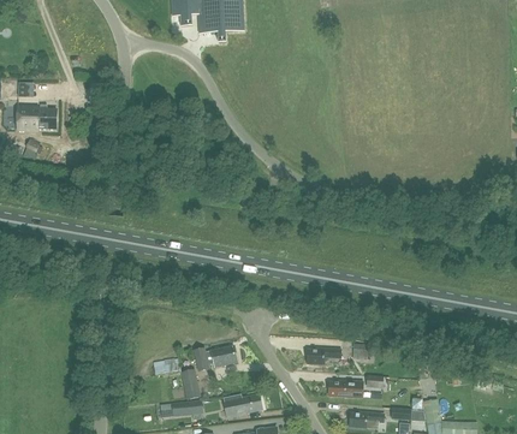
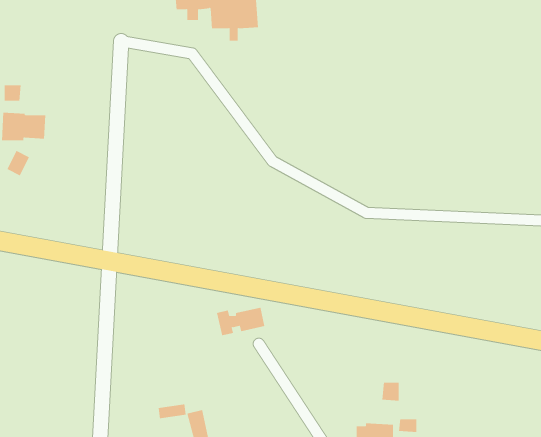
building: [194,344,237,369] -> [216,307,265,336]
building: [308,347,341,367] -> none

